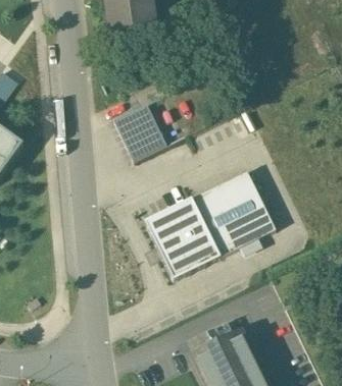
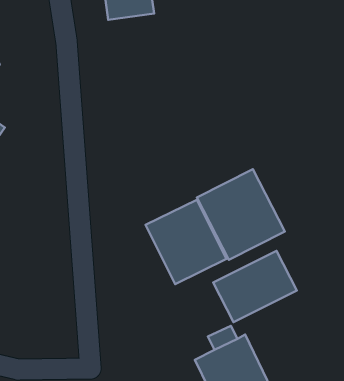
building: [114,103,167,160] -> none
building: none -> [213,251,297,322]

